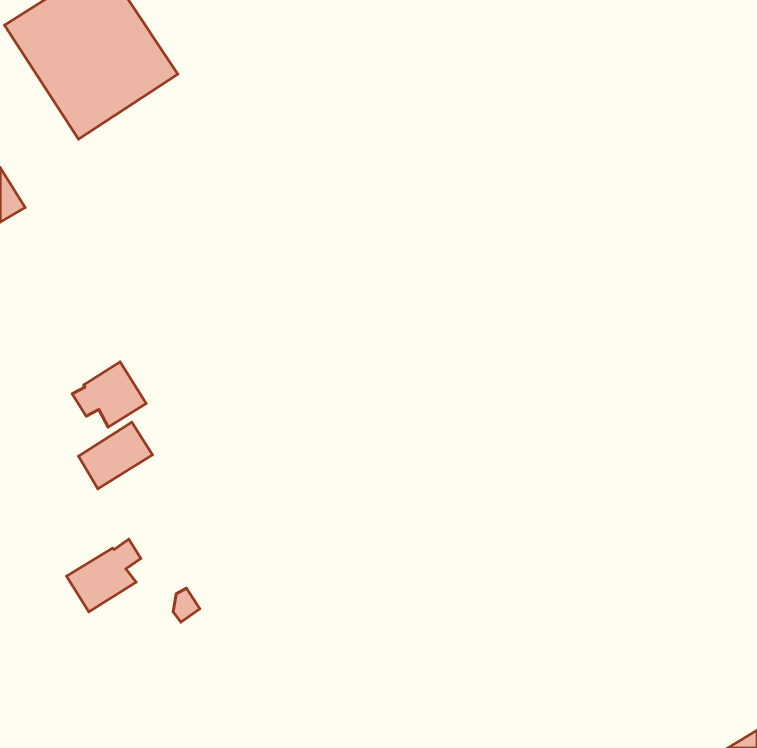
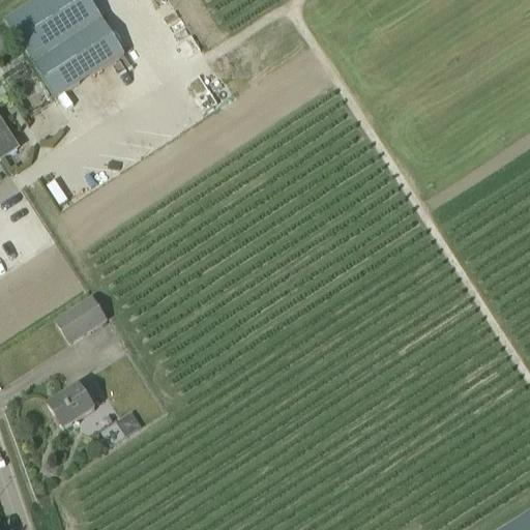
building: [72,362,146,427] -> none

